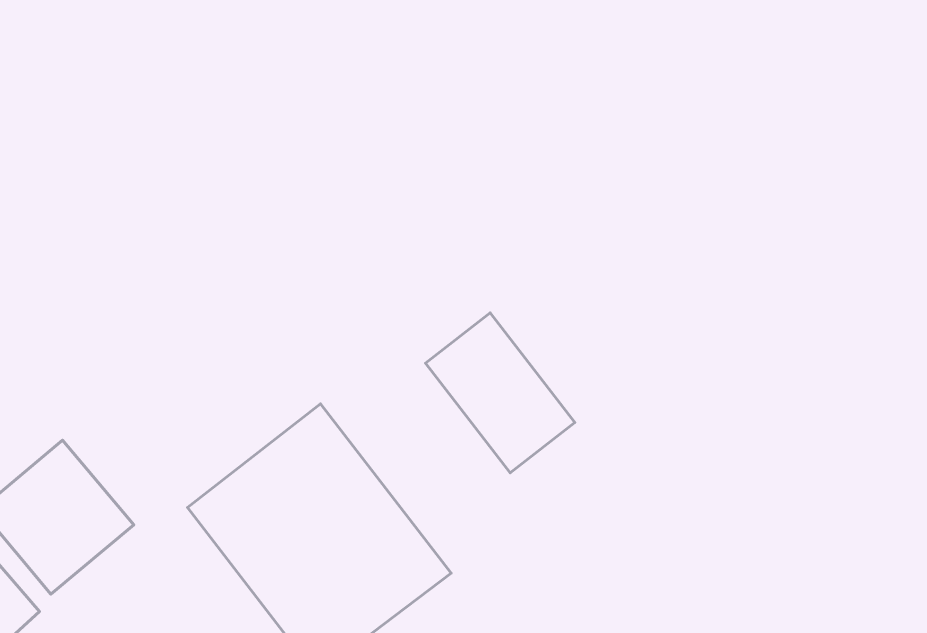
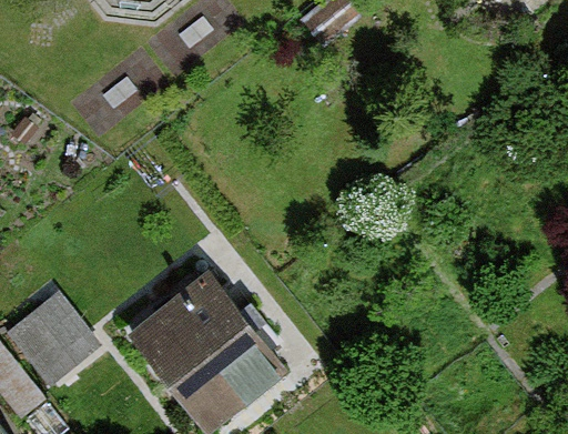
building: [425,313,575,473] -> none

